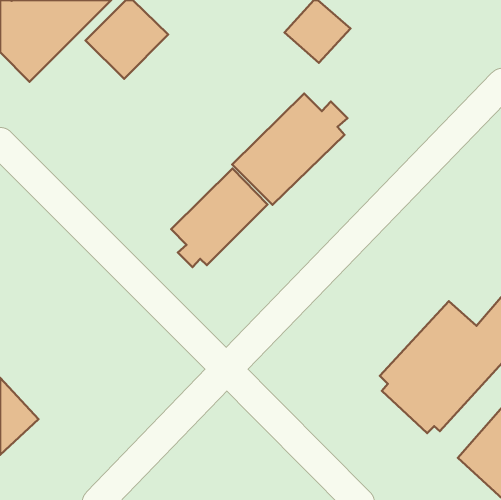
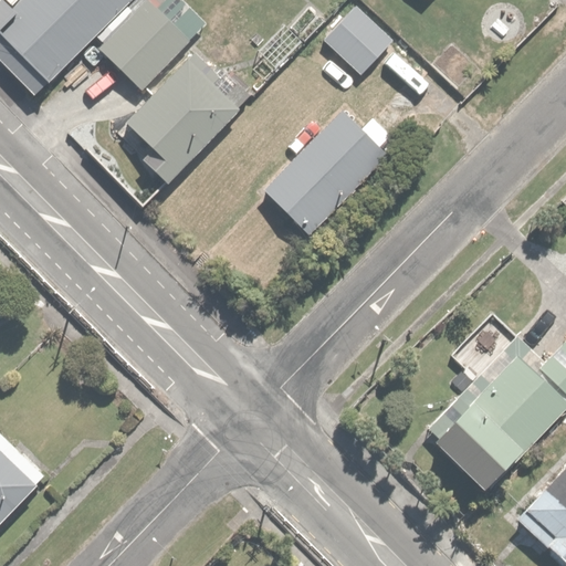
building: none -> [126,54,240,180]
building: [171,169,267,267] -> none

